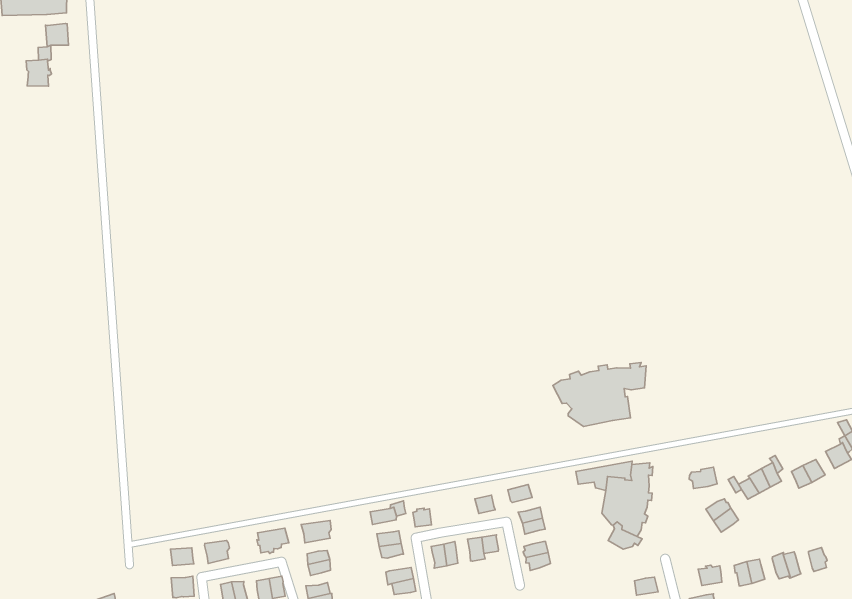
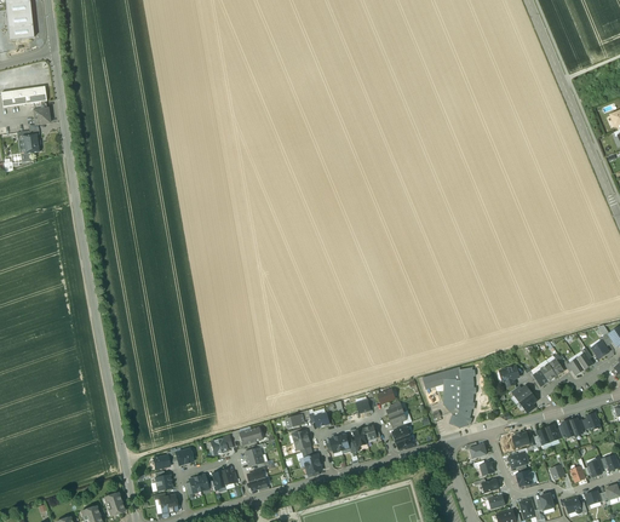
building: [553,362,646,427] -> none

